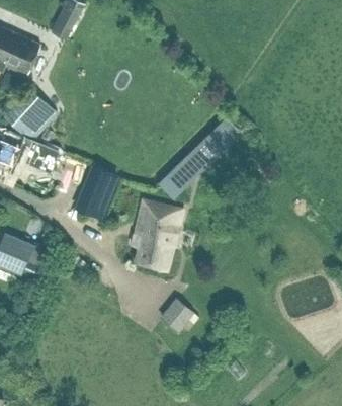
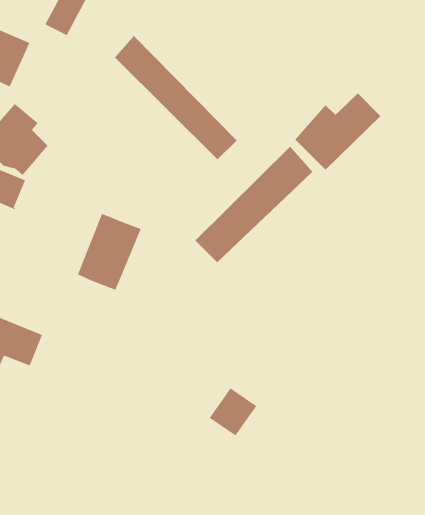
building: none -> [114,35,238,160]
building: none -> [295,93,381,170]
building: [132,199,183,272] -> none

